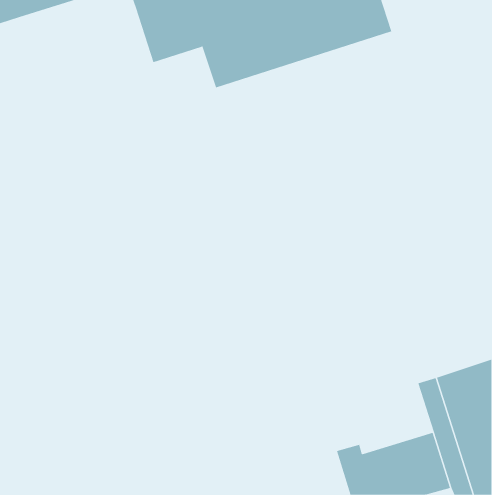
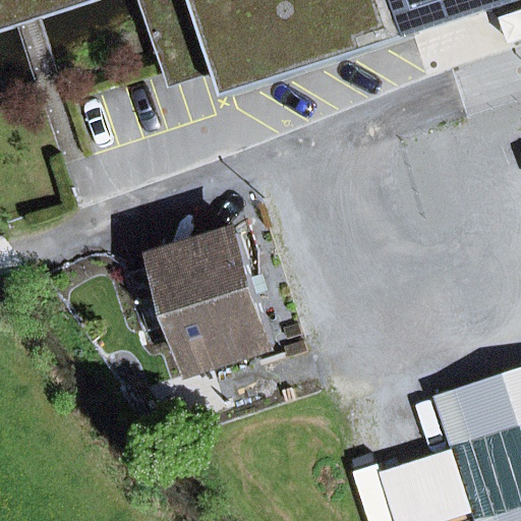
building: none -> [155,230,267,363]

